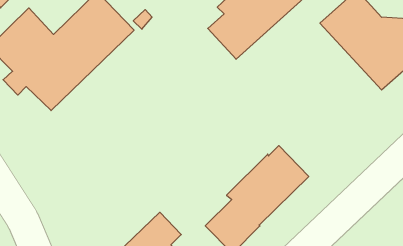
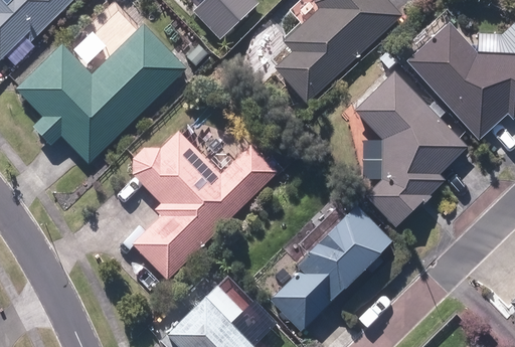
building: none -> [357,71,468,226]
building: none -> [134,130,278,280]

